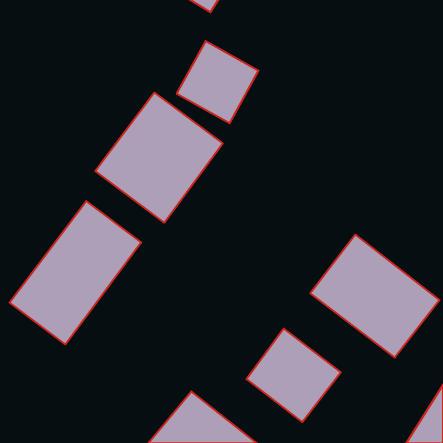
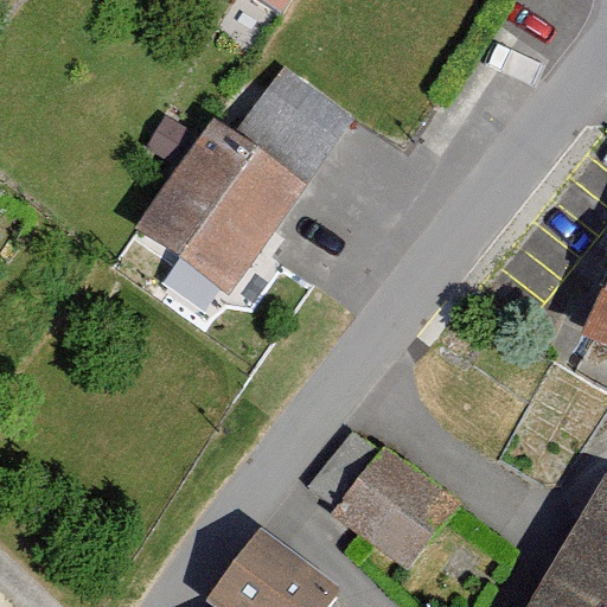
building: [10,201,141,344] -> none
building: [310,235,439,358] -> none

